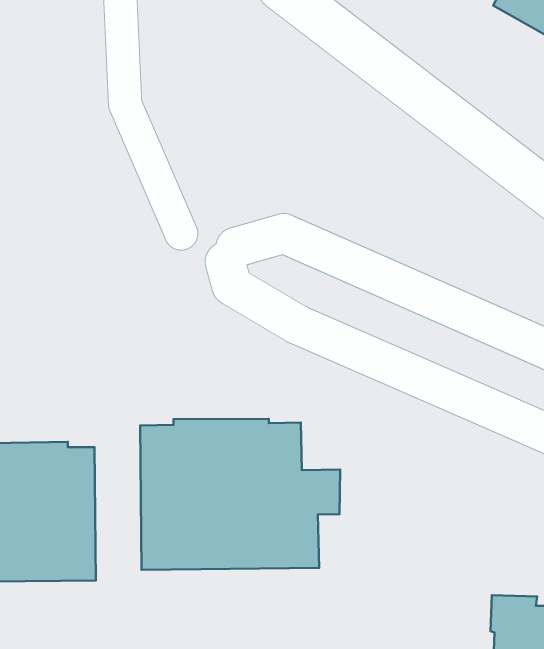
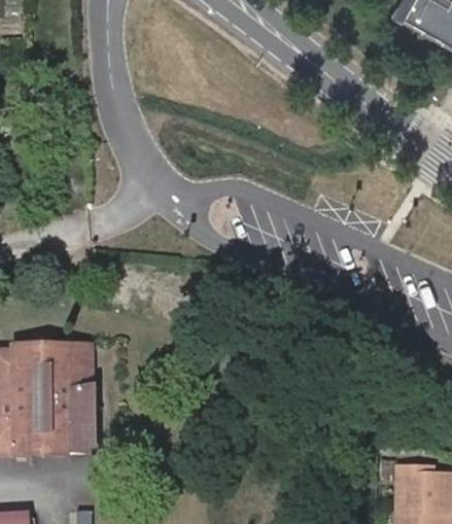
building: [140,419,340,570] -> none

